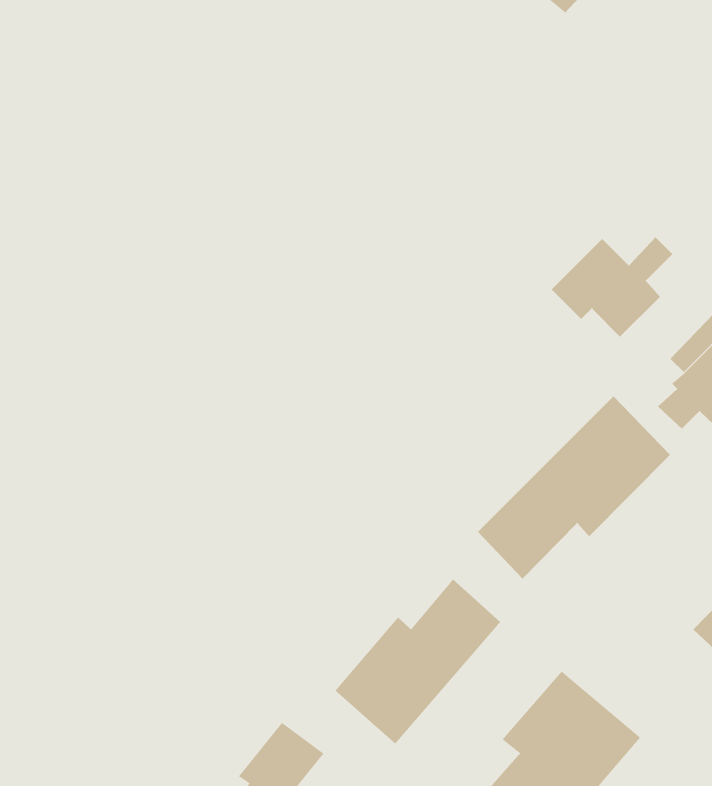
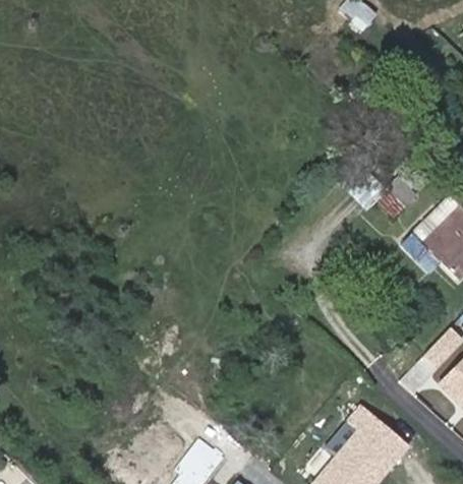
building: [477,395,671,579] -> none
building: [335,579,501,745] -> none

